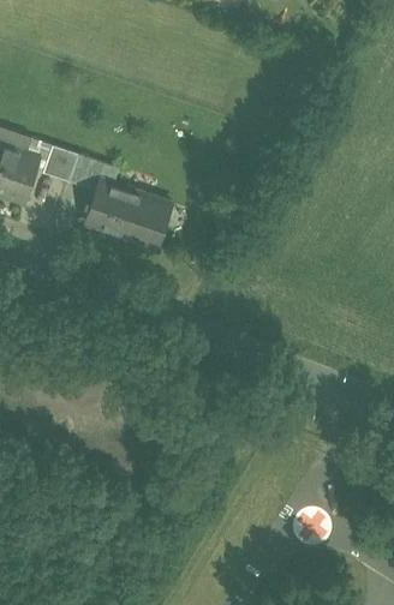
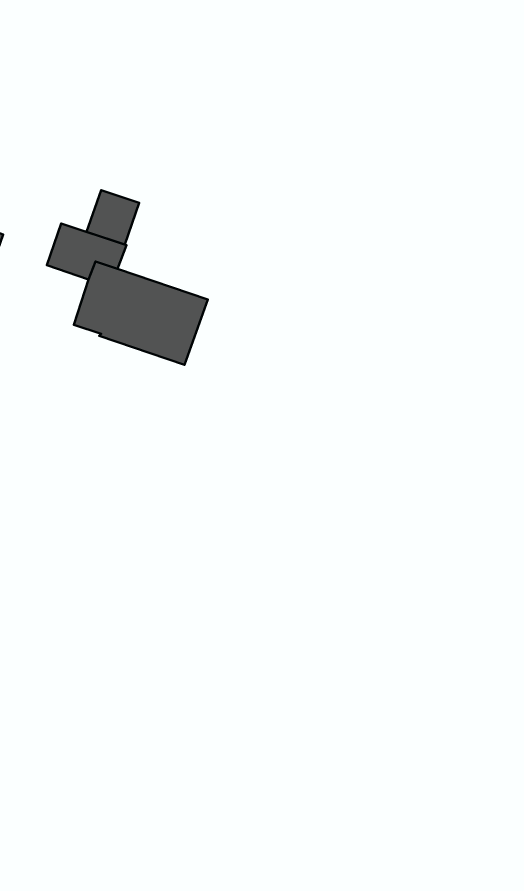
building: [43,145,78,181] -> [87,190,139,245]

